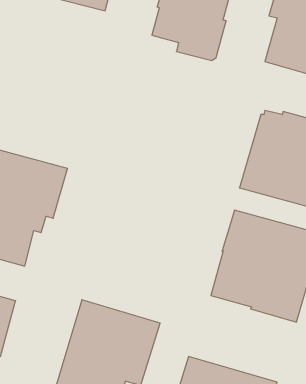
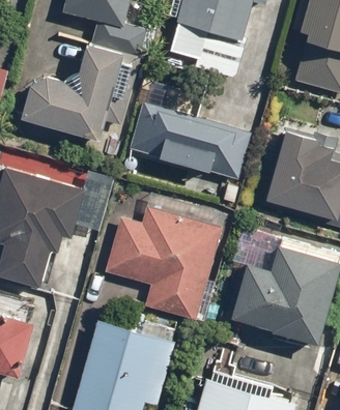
building: none -> [20,43,140,139]
building: none -> [129,101,250,180]
building: none -> [103,205,221,320]

